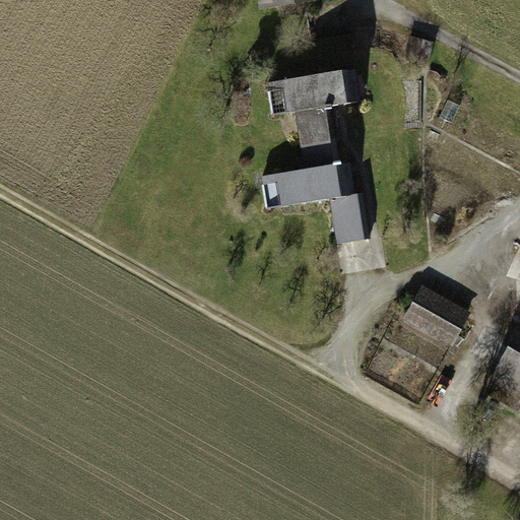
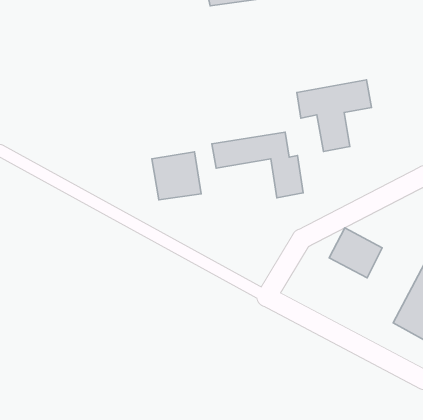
building: [270,68,362,155] -> [297,80,372,152]
building: none -> [152,152,201,200]

